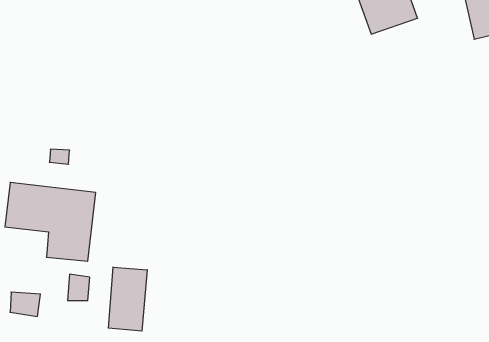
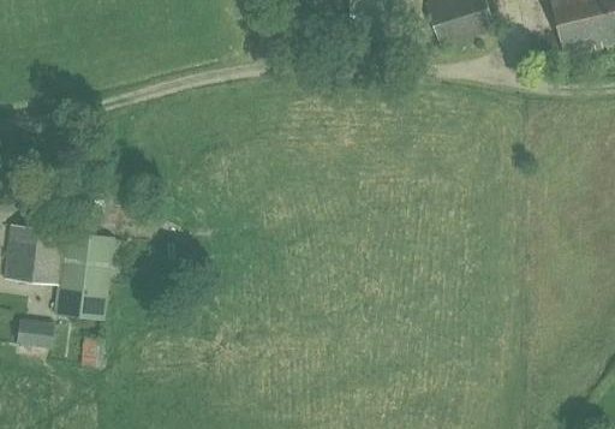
building: [108,267,147,331] -> none
building: [10,292,40,316] -> [19,320,55,348]

